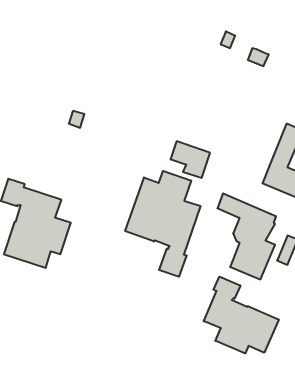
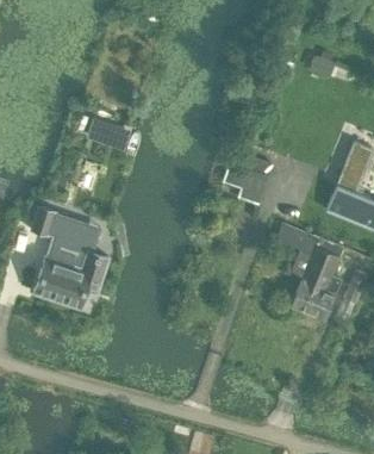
building: [125,171,200,277] -> none
building: [204,277,279,353] -> none

